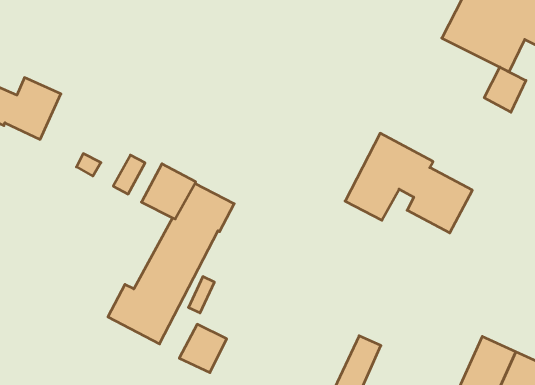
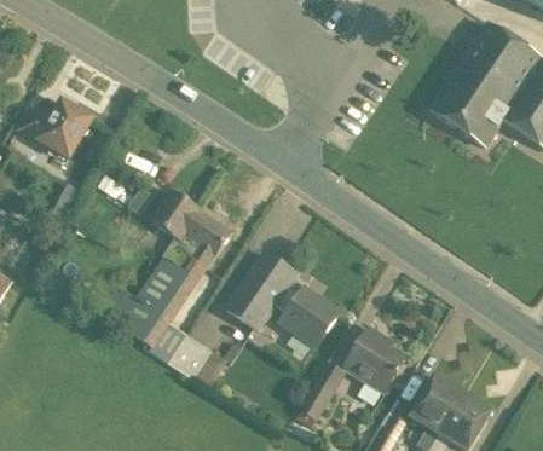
building: [484,67,526,112] -> none
building: [345,133,472,233] -> [226,253,339,347]
building: none -> [343,328,405,392]

